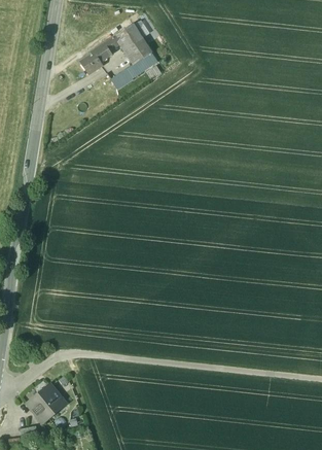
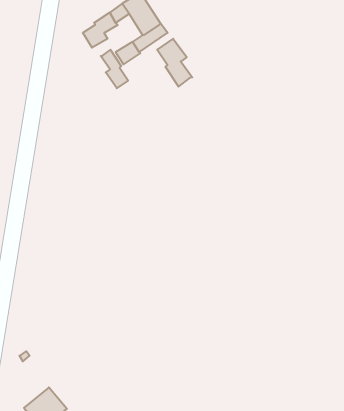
building: none -> [157,39,192,87]
building: none -> [101,50,128,88]

